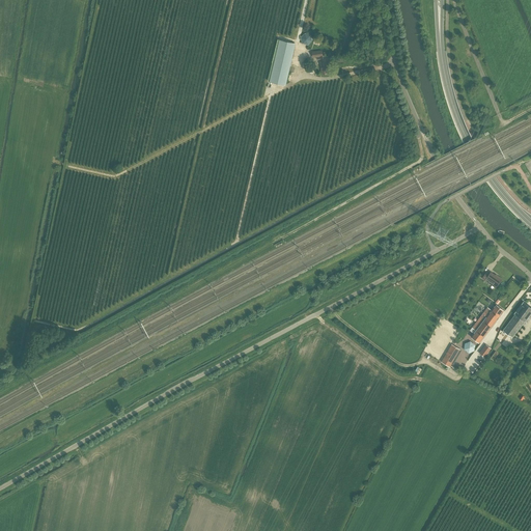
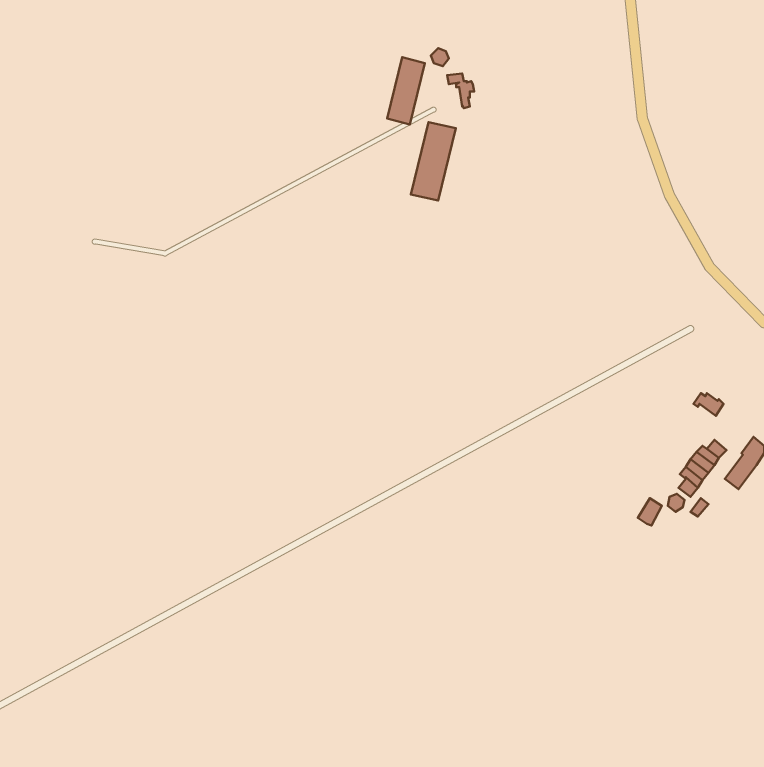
building: none -> [411,122,456,201]

